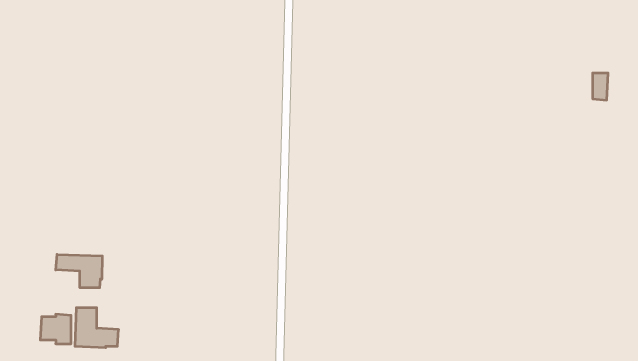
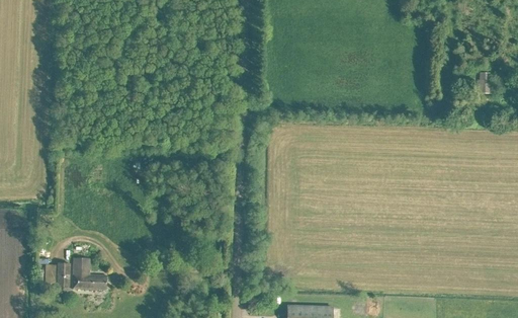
building: [56,254,102,288] -> none

